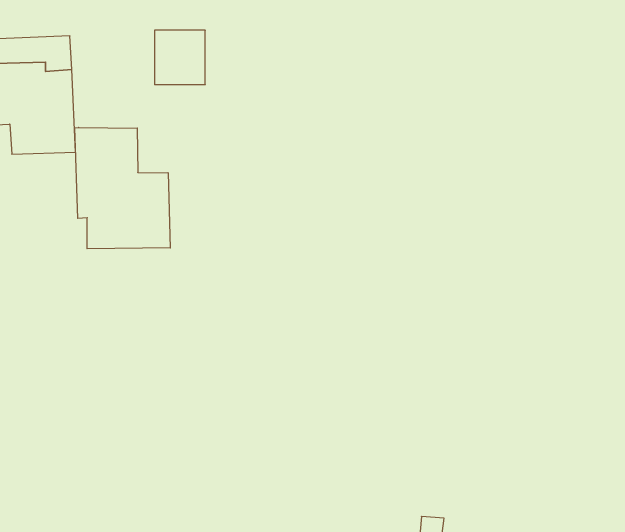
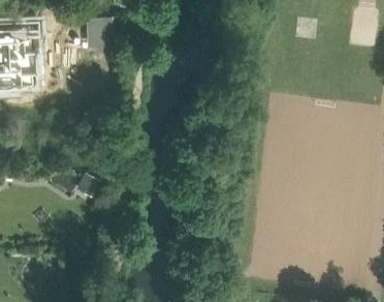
building: [75,127,170,249] -> none

